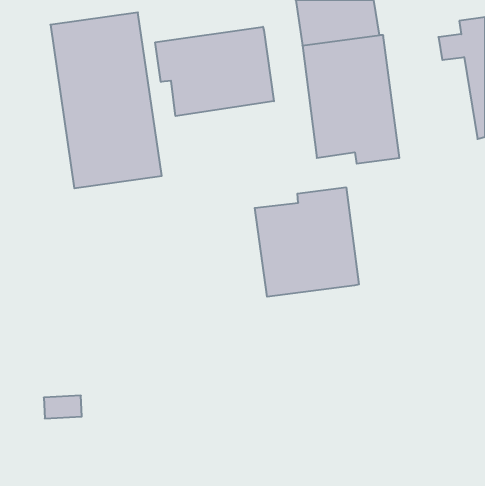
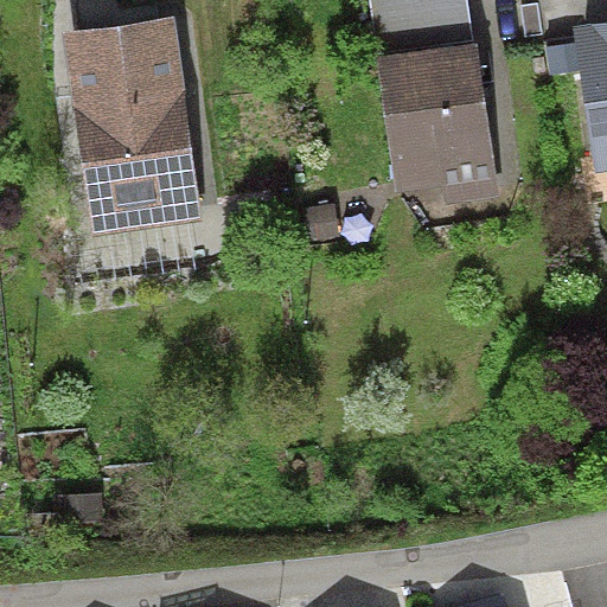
building: [155,27,274,116] -> none
building: [255,187,359,297] -> none

